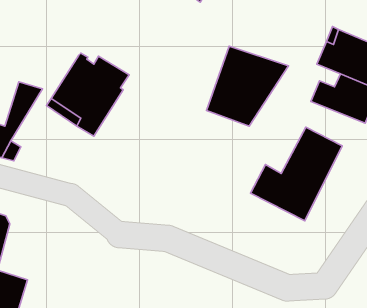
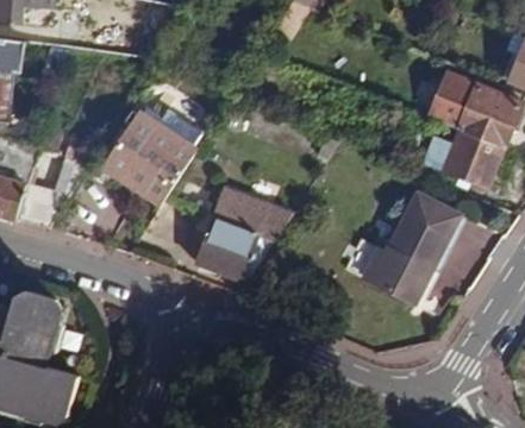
building: [207,46,288,126] -> [196,188,295,284]

